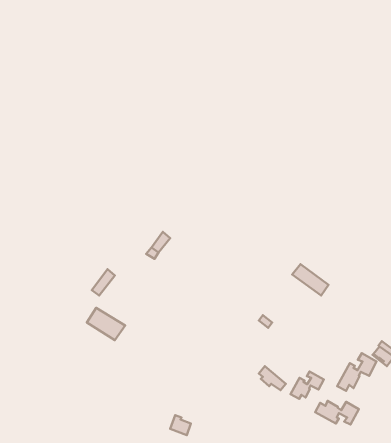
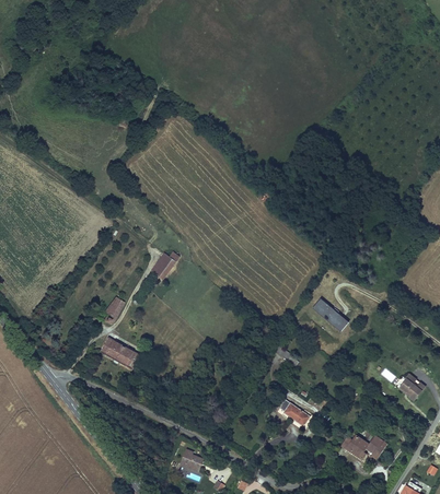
building: [337,353,377,391] -> none
building: [291,371,324,399] -> none

